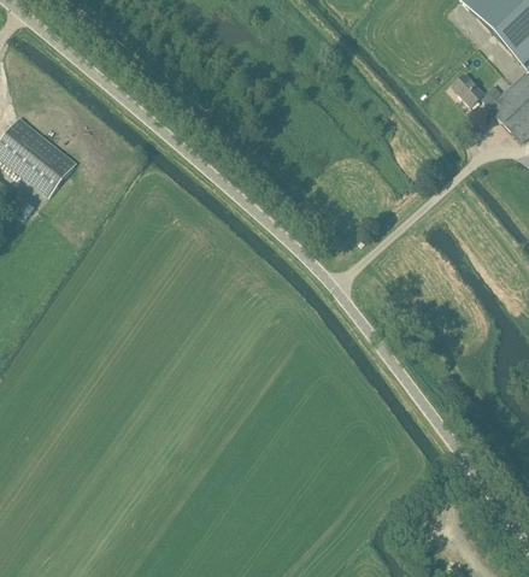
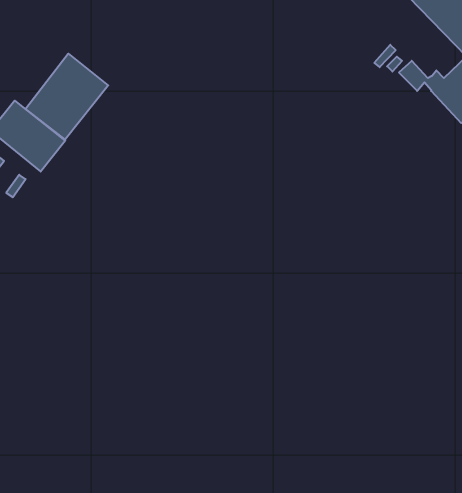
building: none -> [25,54,108,140]

